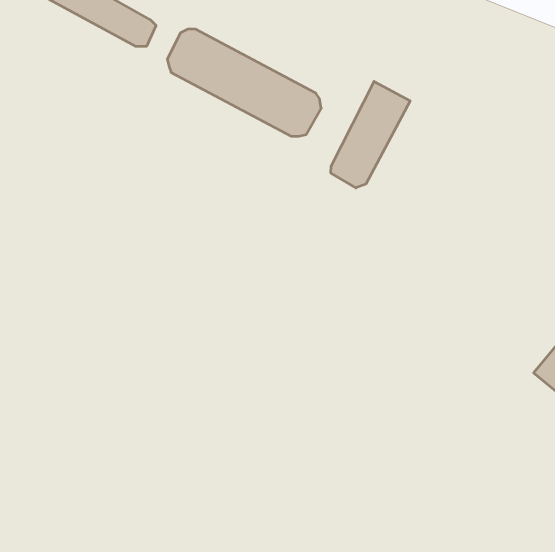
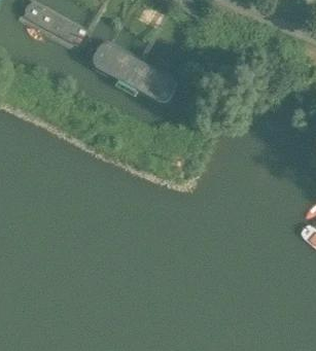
building: [331,81,410,188] -> none

